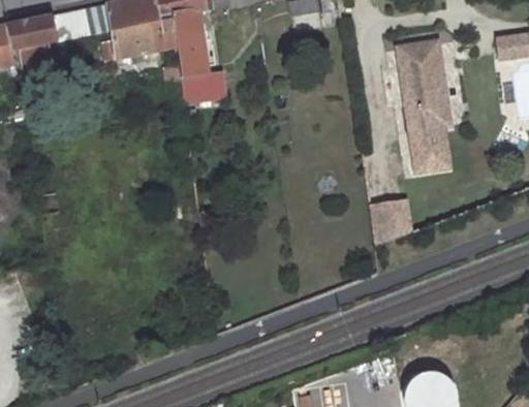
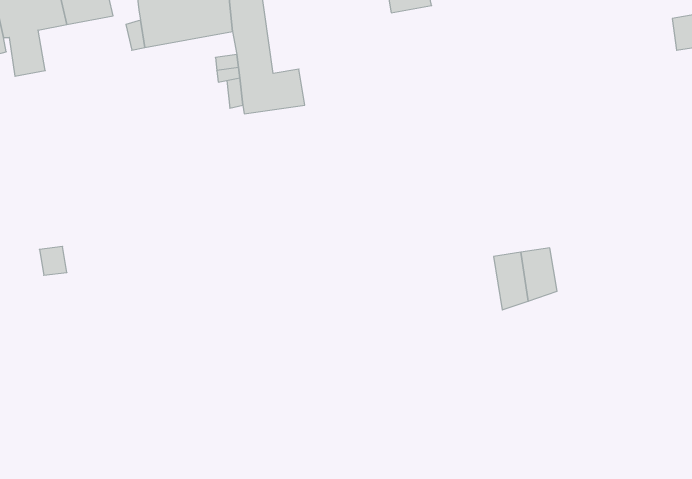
building: [399,41,449,171] -> none

